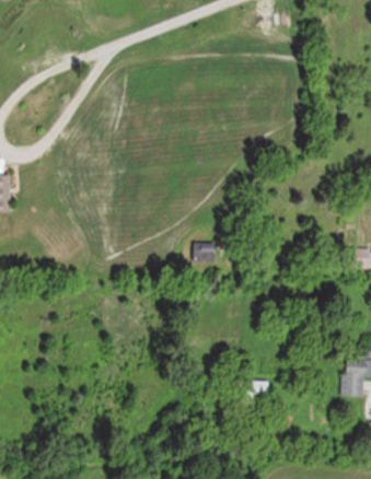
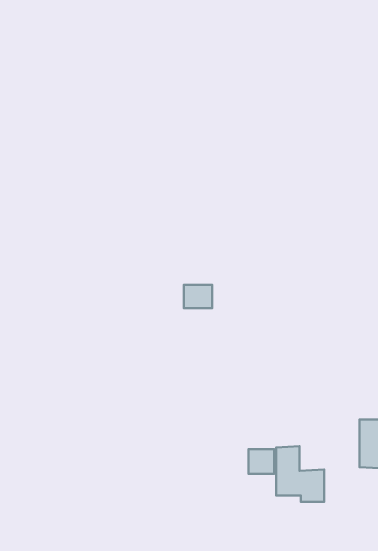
building: none -> [276,446,324,502]

